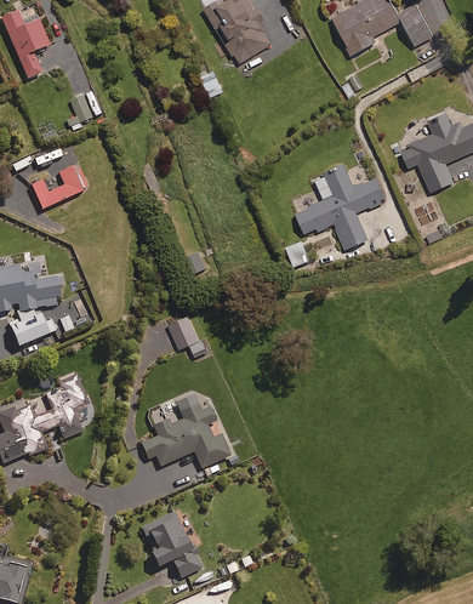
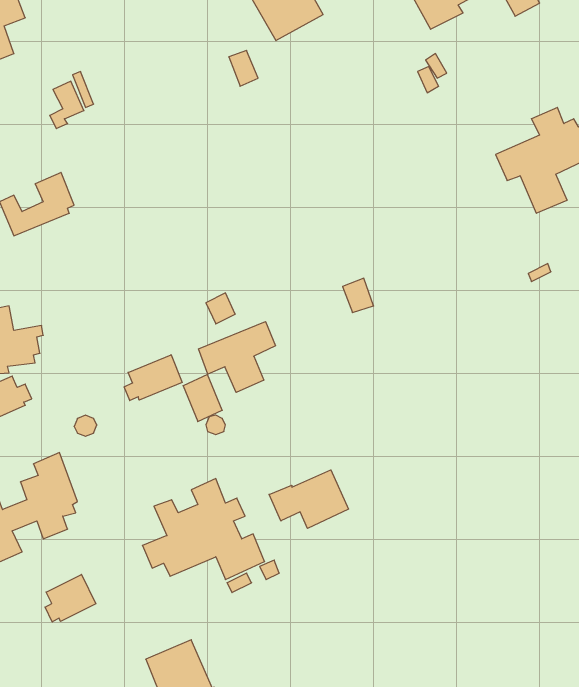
building: [296,171,384,251] -> none
building: none -> [198,322,276,392]
building: none -> [124,355,182,401]
building: none -> [269,470,348,528]
building: none -> [45,574,96,622]

